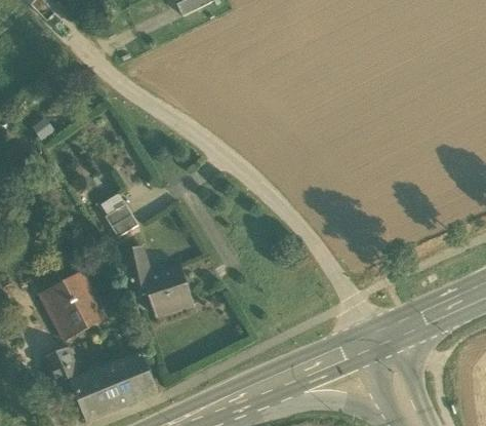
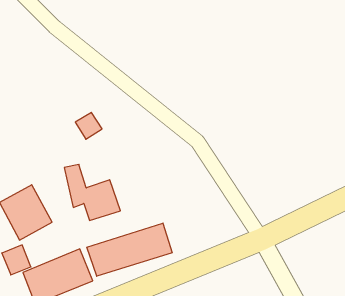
building: [104,203,137,237] -> [75,112,102,139]
building: none -> [87,223,172,276]

